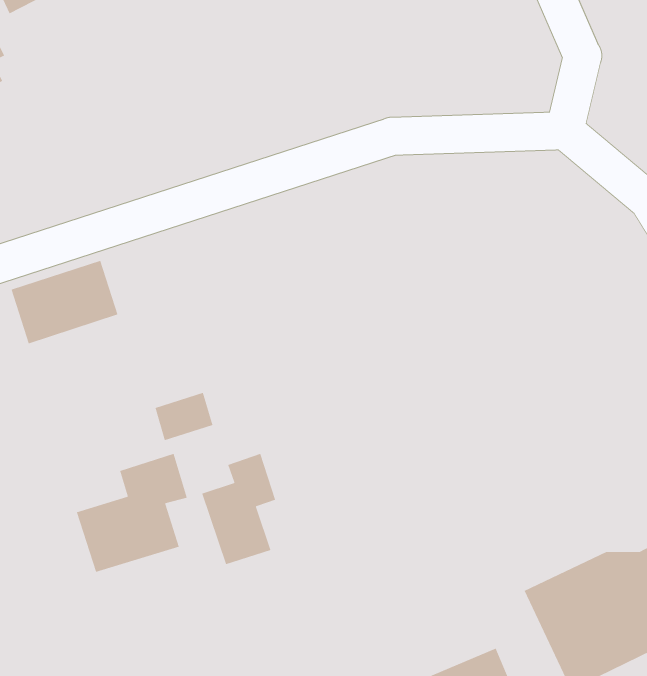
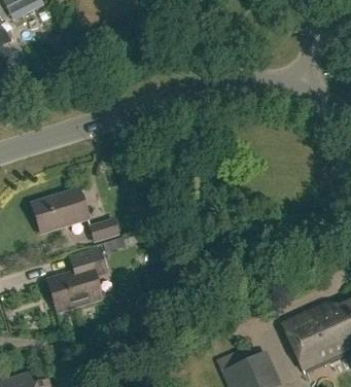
building: [11,260,119,344] -> [32,188,89,233]
building: [201,453,276,565] -> none

